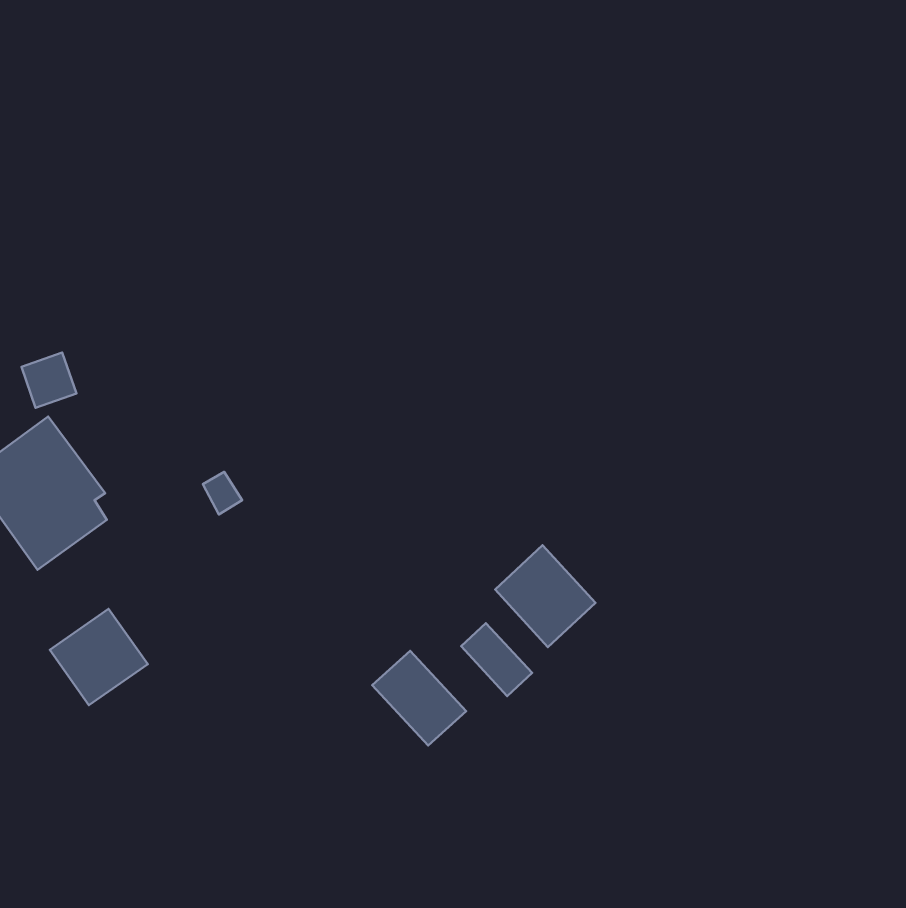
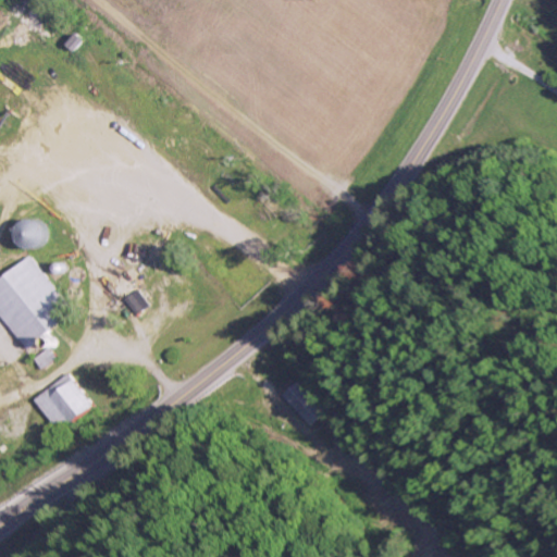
building: [495,545,595,647] -> none
building: [372,651,466,746] -> none

